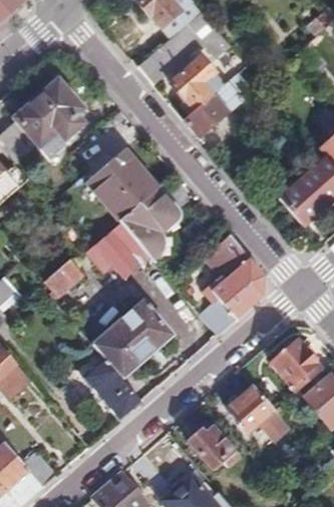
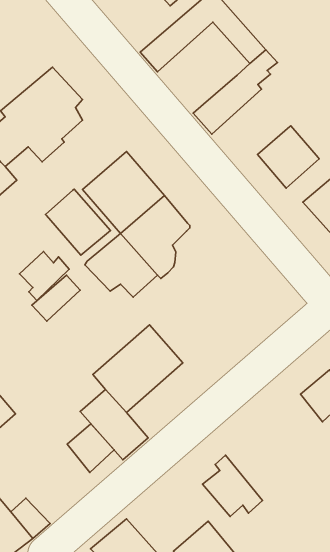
building: [170,53,220,109] -> none
building: none -> [258,126,319,188]
building: none -> [46,189,111,255]
building: [184,234,266,334] -> none
building: none -> [20,252,69,301]
building: [229,384,276,430] -> none
building: none -> [67,424,114,473]

